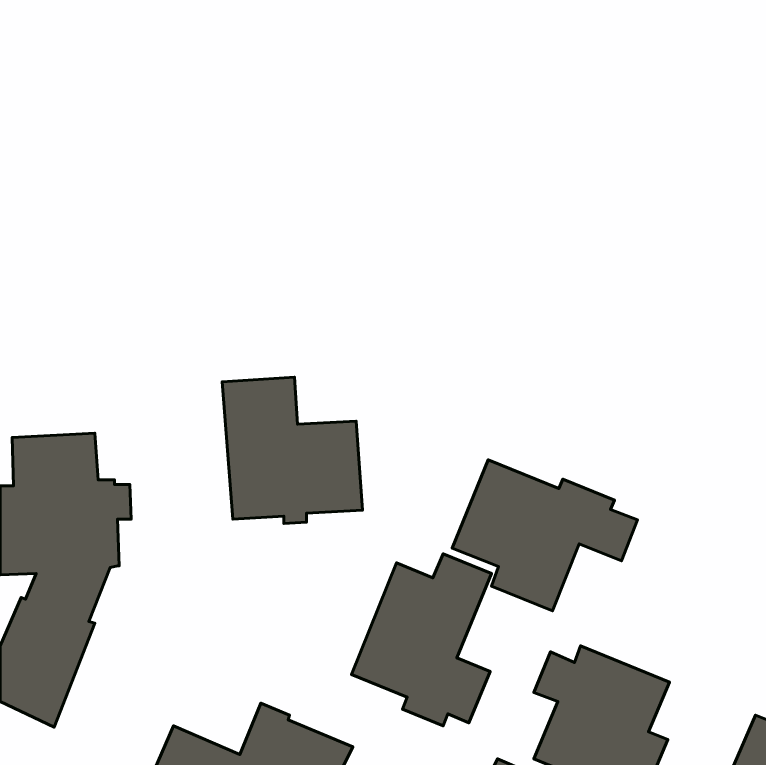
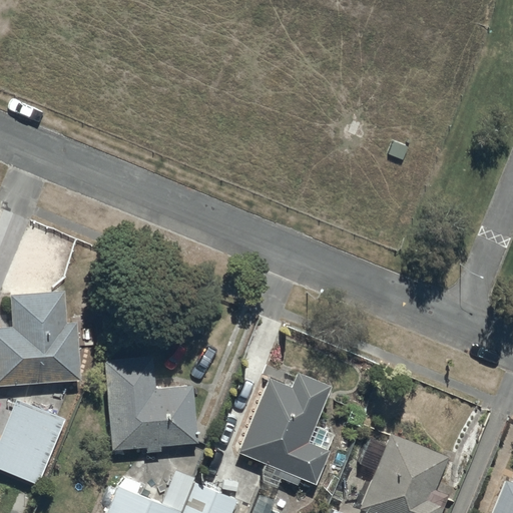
building: [222,377,362,524] -> [104,357,197,454]
building: [452,460,637,611] -> none

